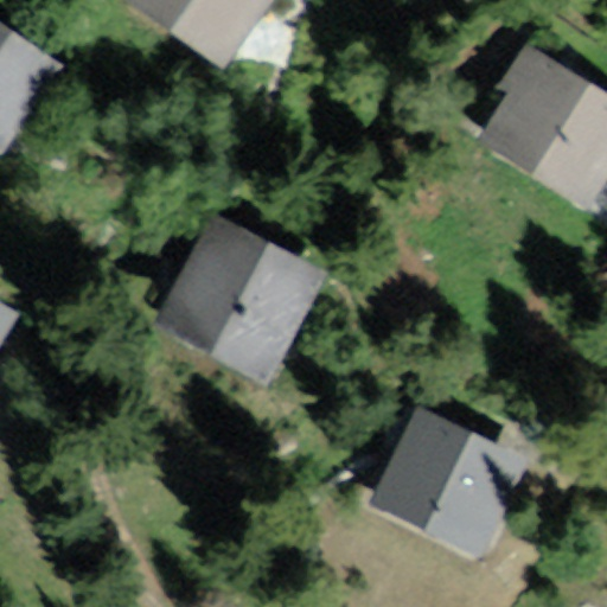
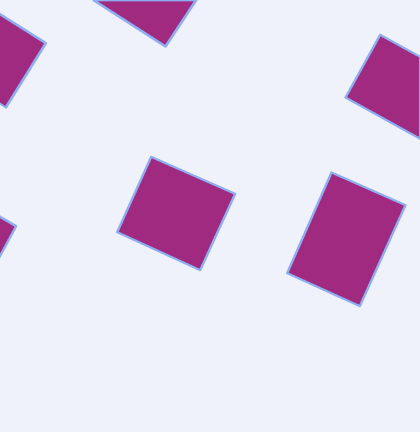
building: none -> [287,172,405,306]
building: [376,405,533,554] -> none

